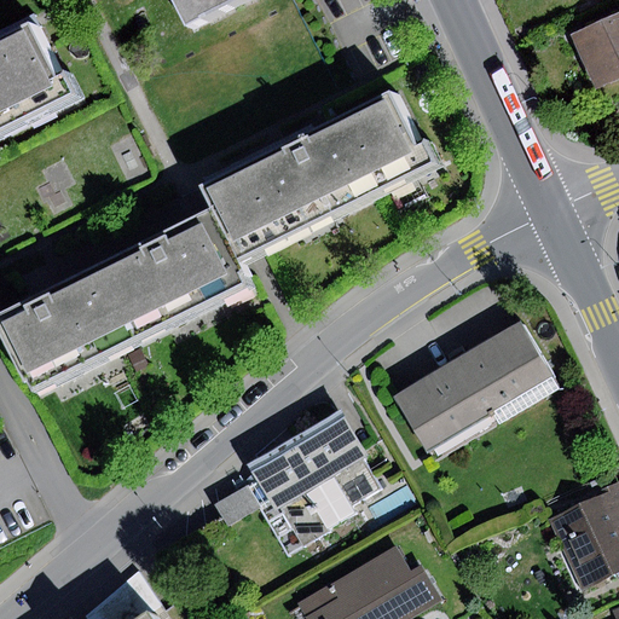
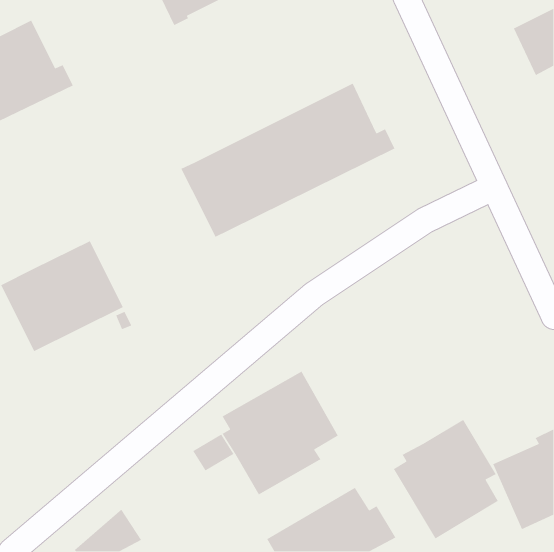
building: [100,212,249,342] -> none
building: [394,319,557,459] -> none
building: none -> [393,419,499,540]

